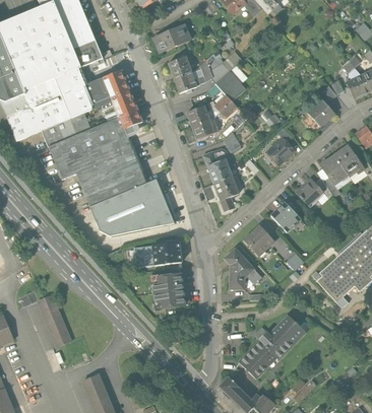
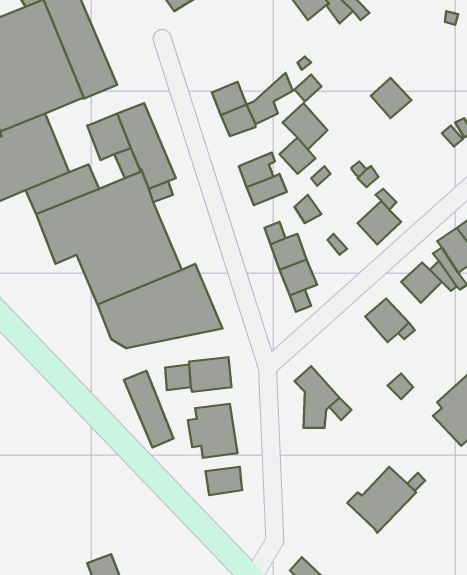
building: [153,23,190,52] -> none
building: [54,67,91,117] -> none
building: [307,98,334,126] -> [371,78,412,118]
building: [244,225,274,255] -> none
building: [37,294,70,346] -> [124,371,174,448]
building: none -> [206,467,242,495]
building: [238,340,276,378] -> none

